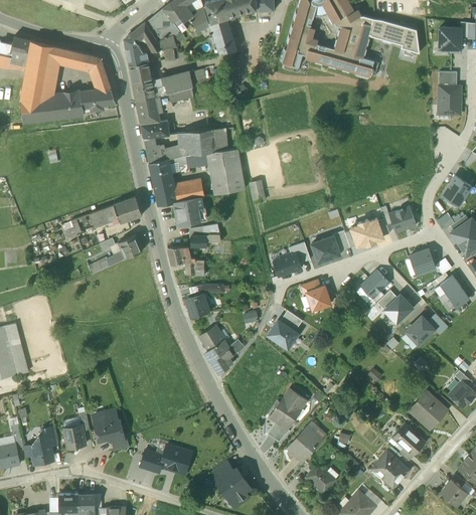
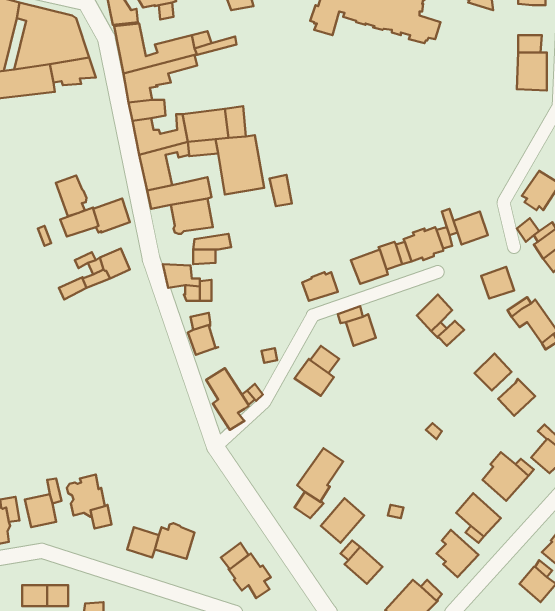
building: none -> [56,175,86,216]
building: [384,295,413,323] -> [498,379,535,416]

